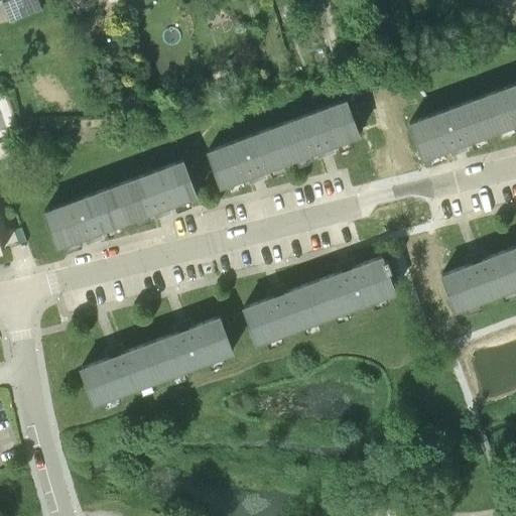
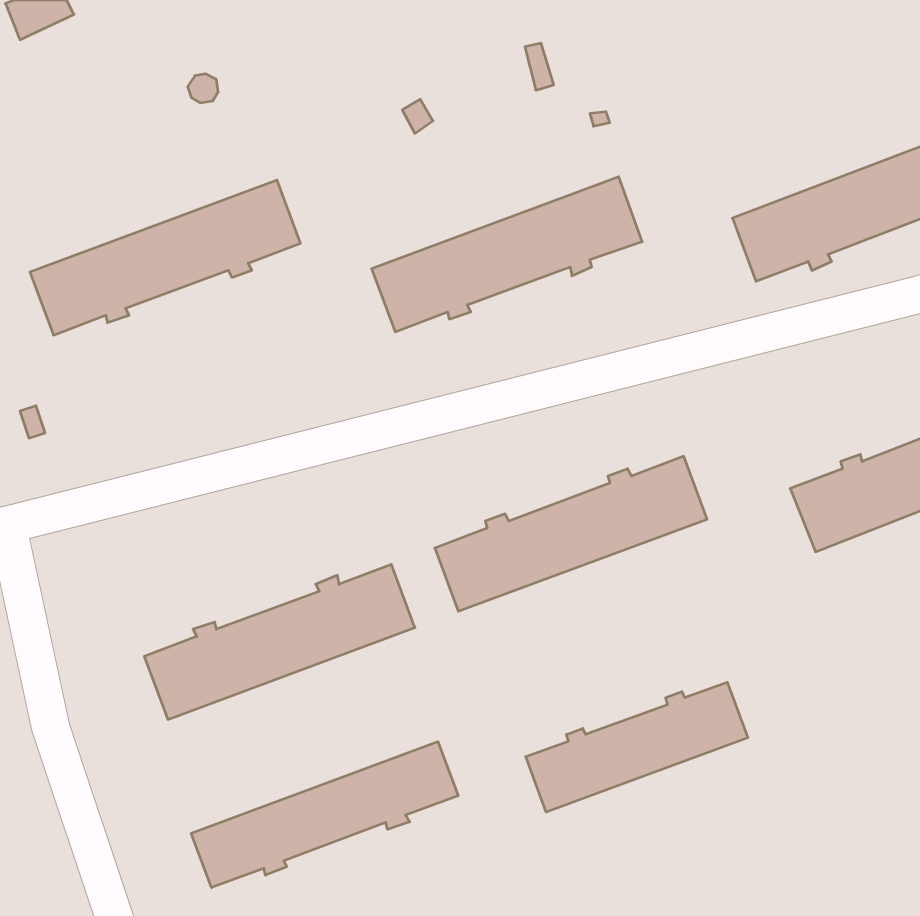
building: [45,162,197,249] -> [30,180,300,335]
building: none -> [526,682,748,812]
building: none -> [191,742,458,888]

